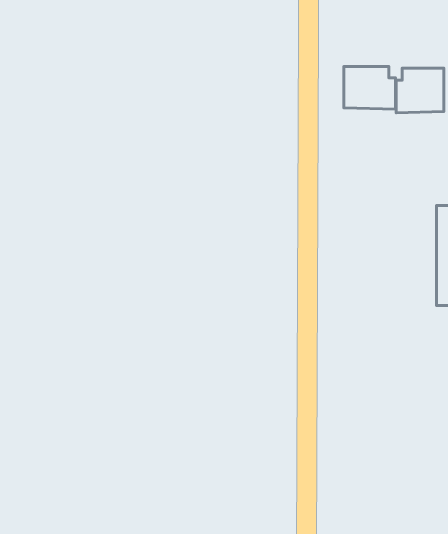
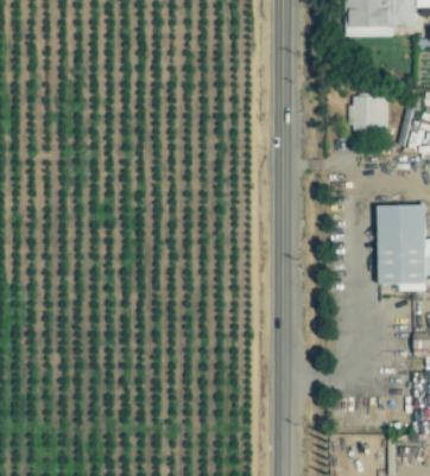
building: [344,66,395,109] -> none

